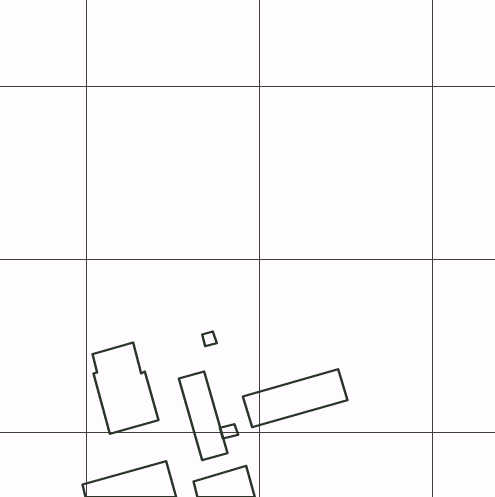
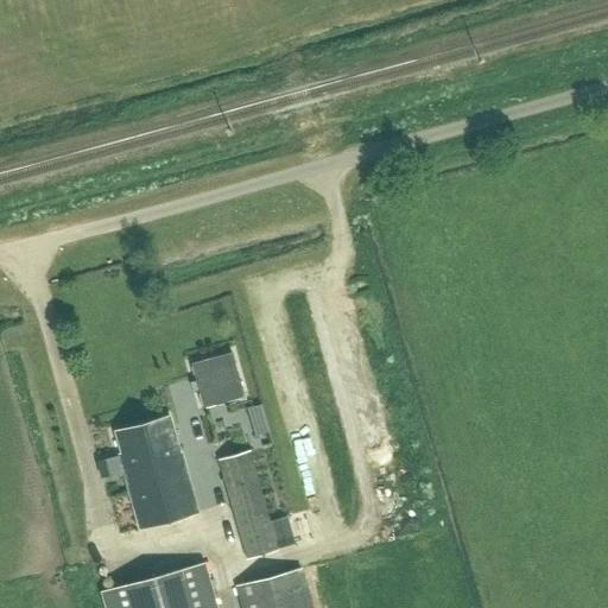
building: none -> [195,352,248,406]
building: [243,369,347,427] -> none

